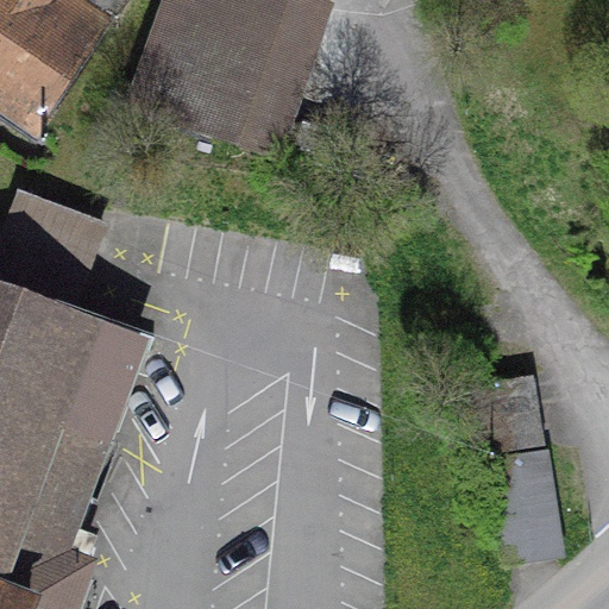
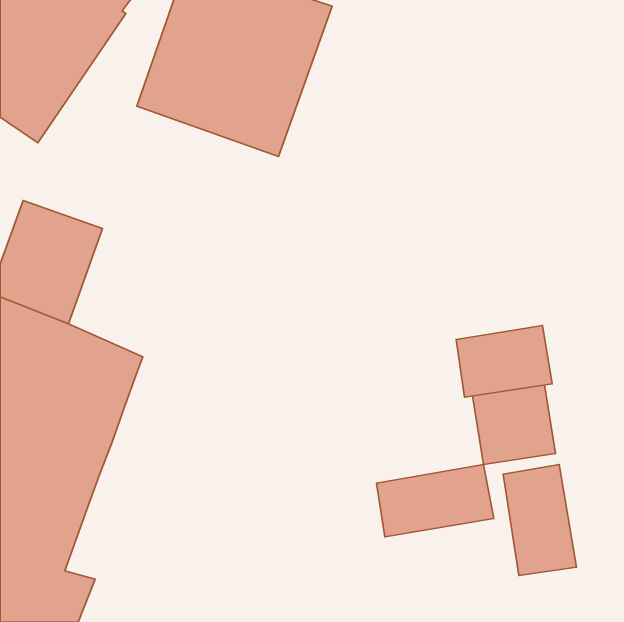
building: none -> [456,325,552,397]
building: none -> [376,464,494,537]

